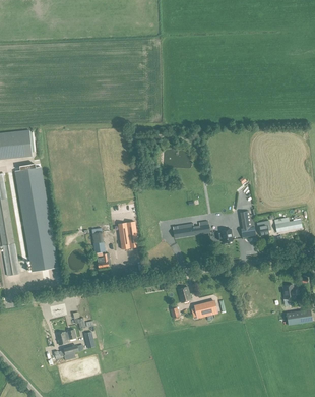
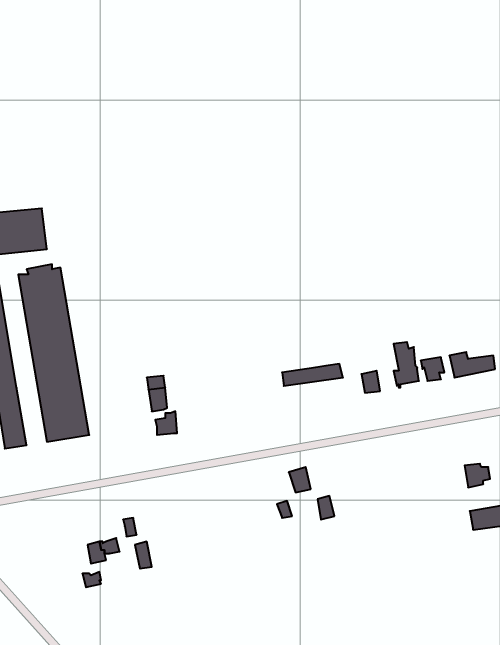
building: [118,221,137,248] -> none

